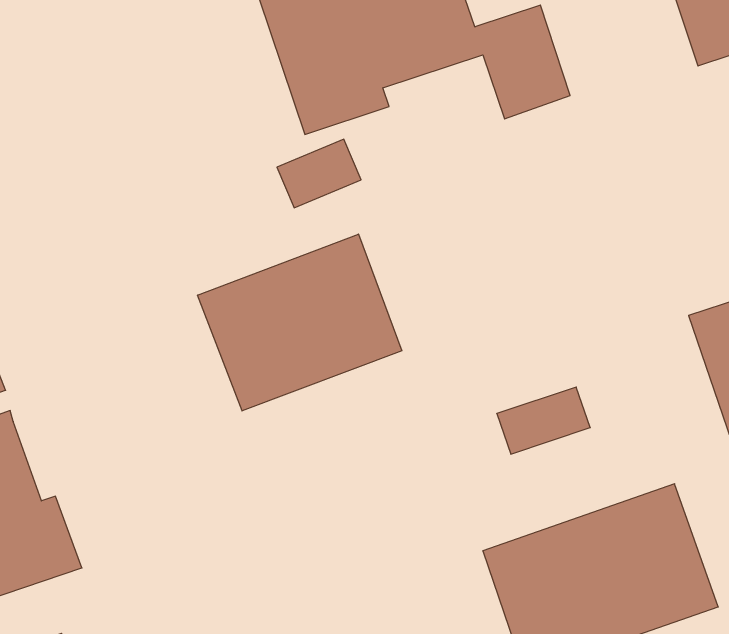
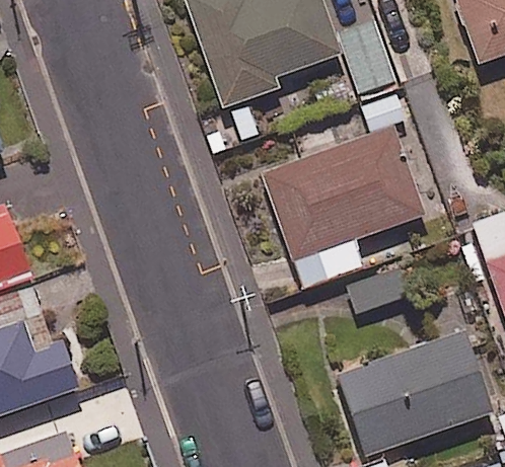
building: none -> [263,92,423,288]
building: [198,234,402,411] -> none

